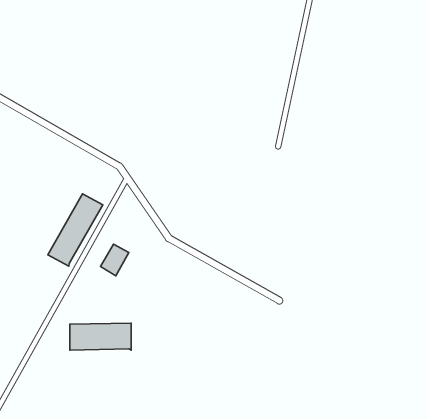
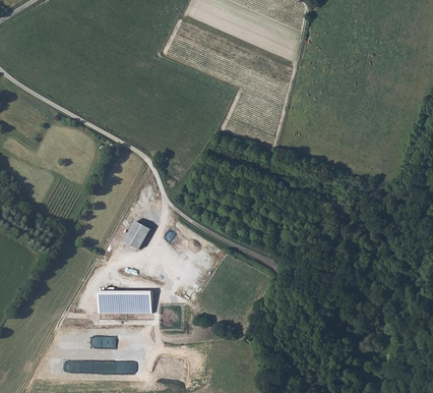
building: [48,194,103,266] -> none

